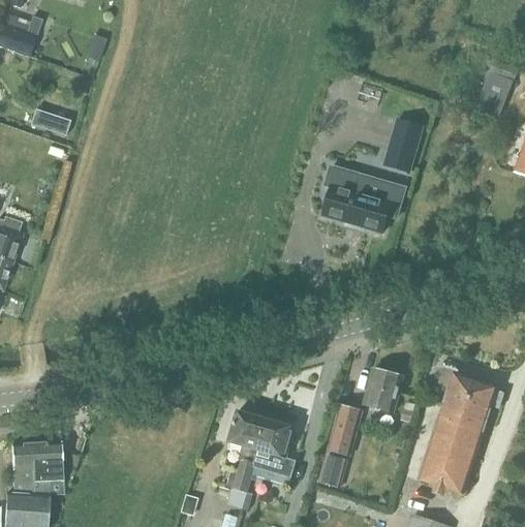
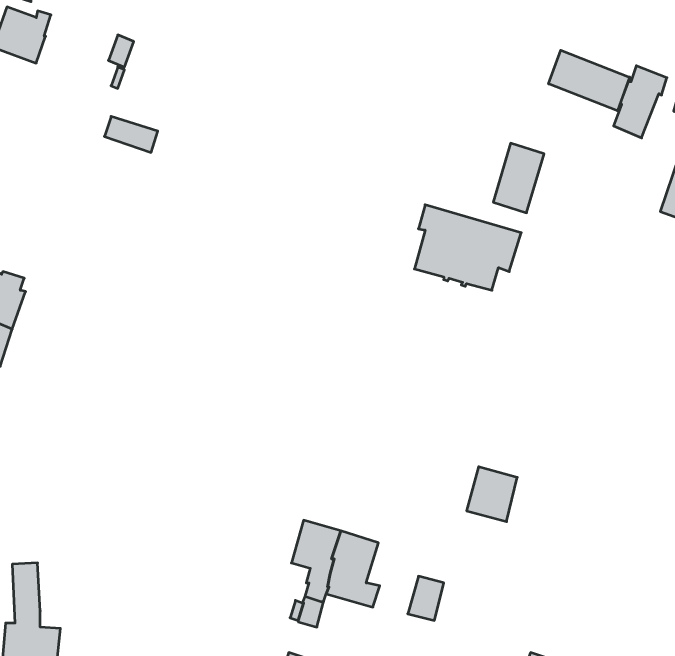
building: none -> [549,50,630,111]
building: [29,107,70,135] -> [104,116,158,152]
building: [420,373,503,493] -> none
building: [327,404,362,456] -> none
building: [31,440,62,493] -> none

